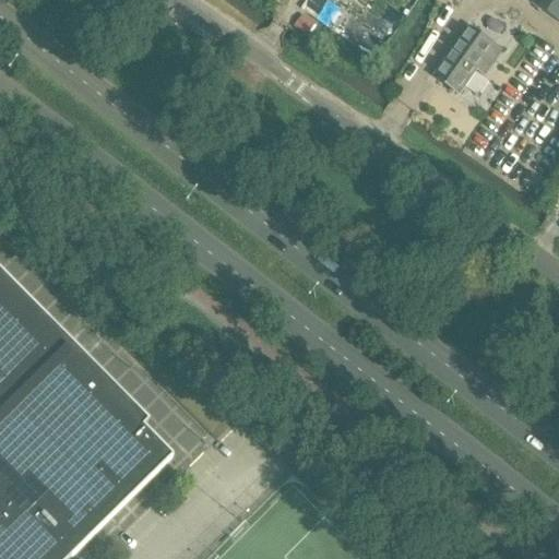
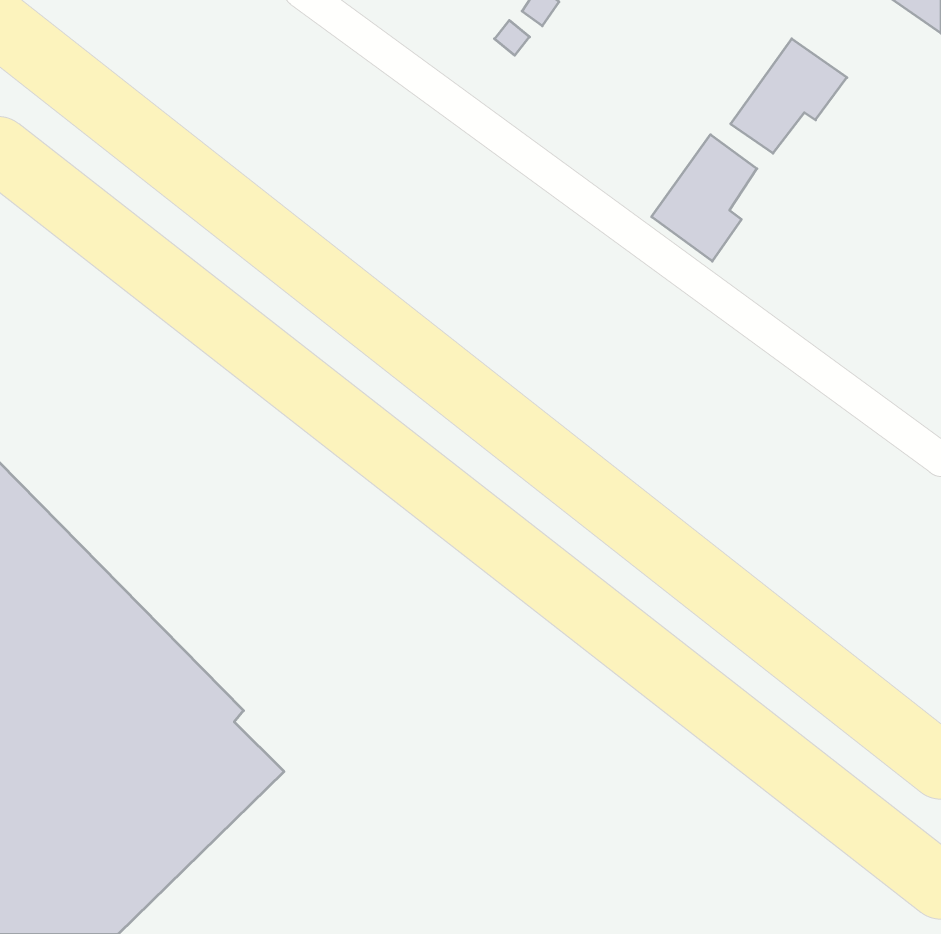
building: none -> [652,135,757,261]

